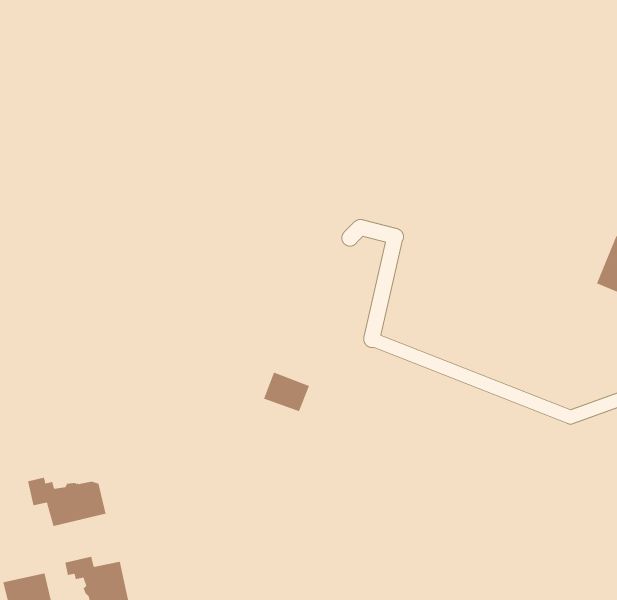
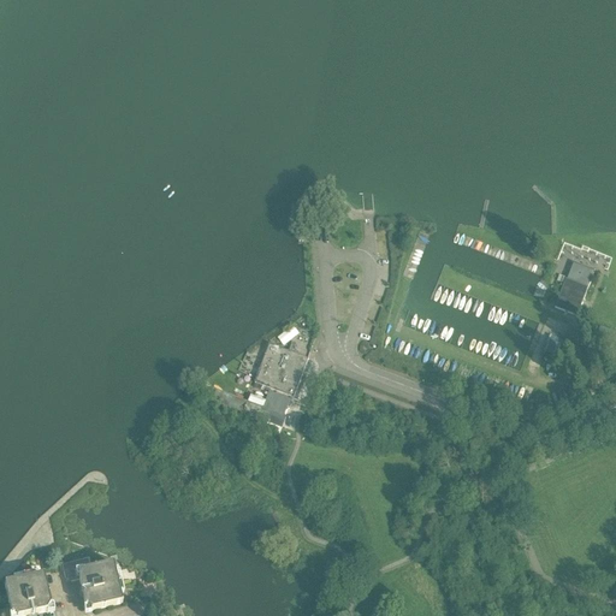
building: none -> [256,338,309,395]
building: [28,477,106,527] -> none

